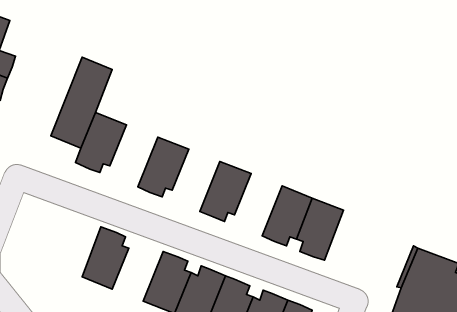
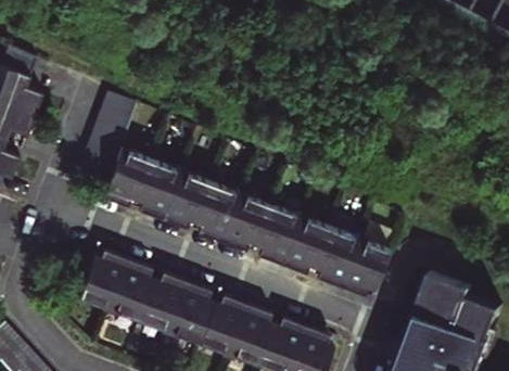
building: none -> [133,157,180,218]
building: none -> [194,181,241,242]
building: none -> [255,205,302,266]
building: none -> [343,241,392,299]
building: none -> [76,247,125,306]
building: none -> [136,271,186,330]

